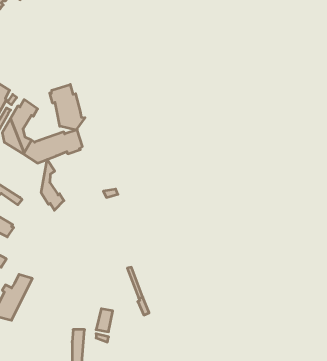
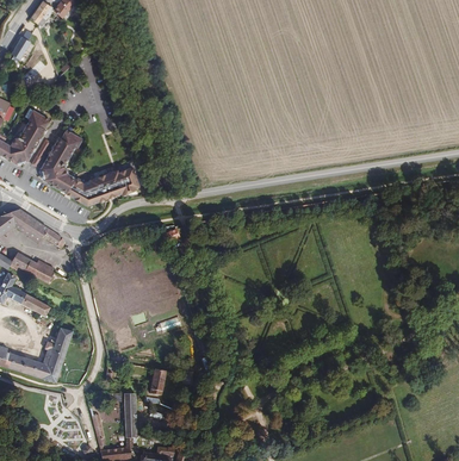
building: [50,84,85,130] -> none
building: [41,159,64,210] -> none

